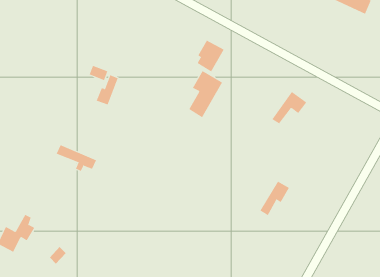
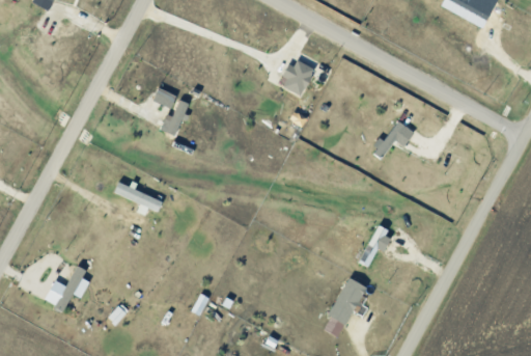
building: [188,70,223,118] -> none
building: none -> [331,277,365,324]

